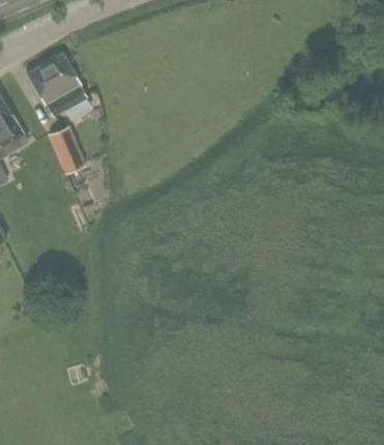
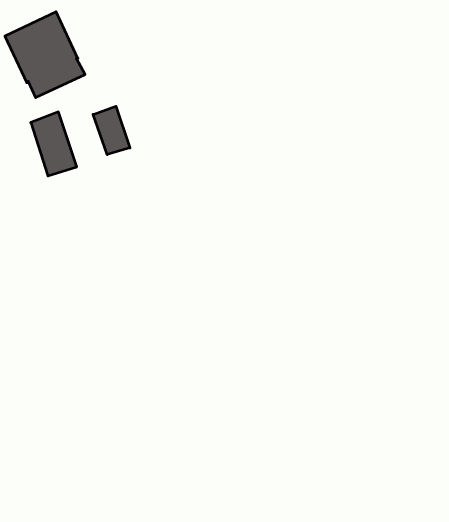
building: none -> [93,106,130,155]

